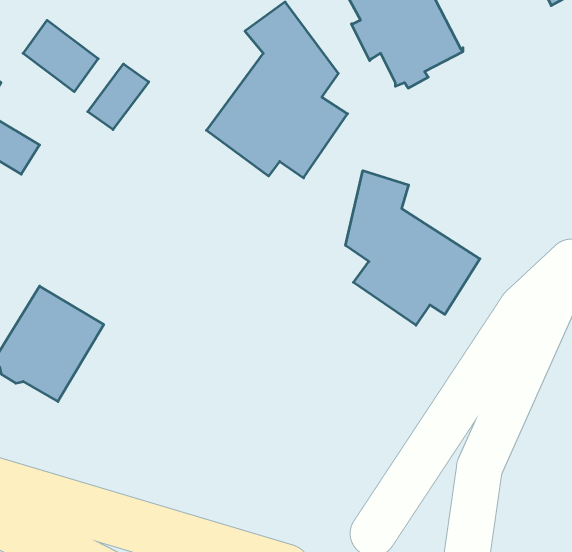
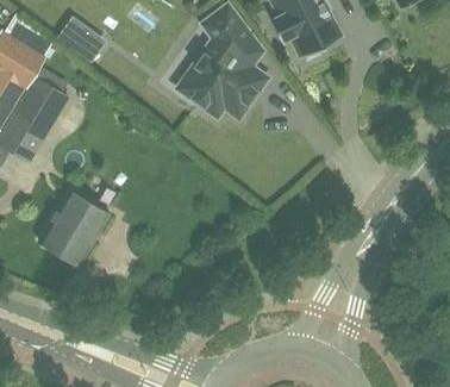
building: [88,64,149,130] -> none
building: [346,171,480,325] -> none

